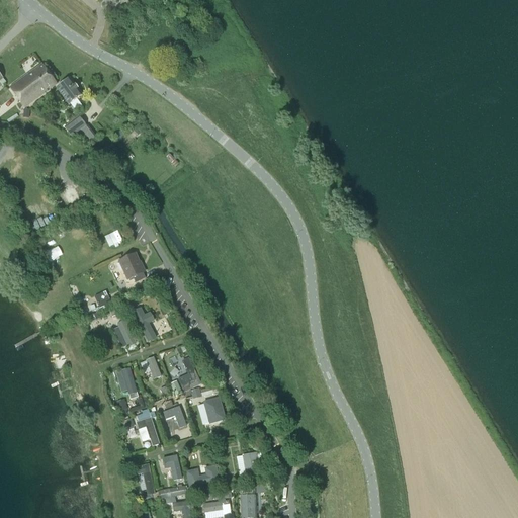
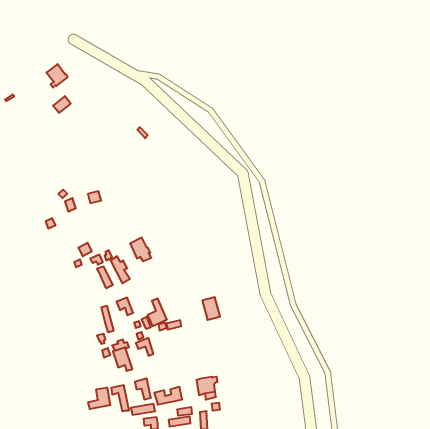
building: [9,63,56,107] -> none
building: [119,253,145,281] -> [130,238,151,261]
building: [203,397,225,424] -> [202,297,220,320]
building: none -> [88,387,110,409]

